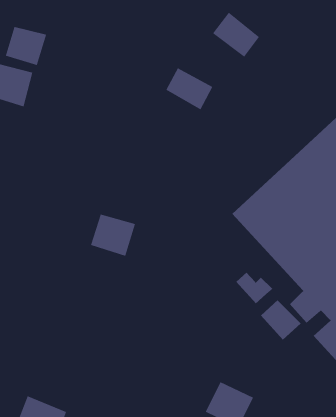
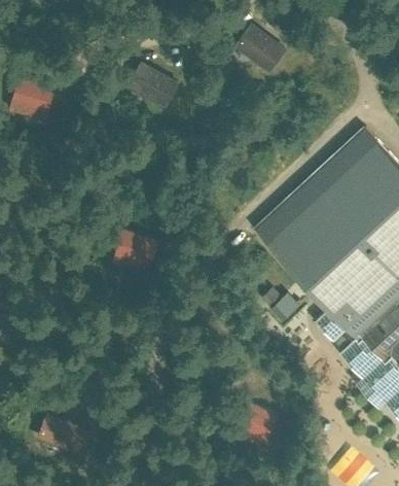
building: [5,26,47,66] -> none
building: [165,67,213,110] -> [129,64,177,107]
building: [260,299,301,341] -> none

